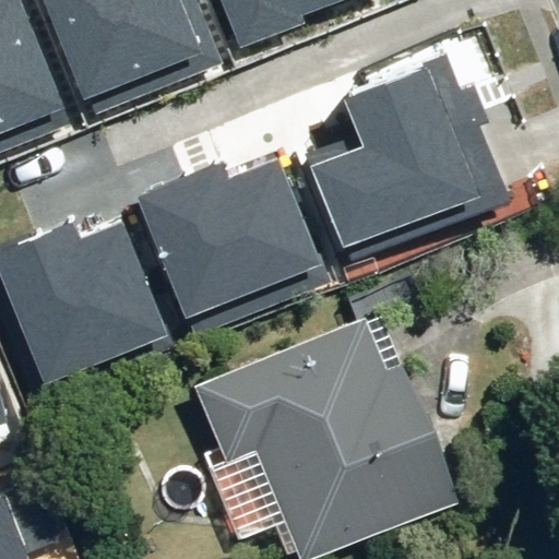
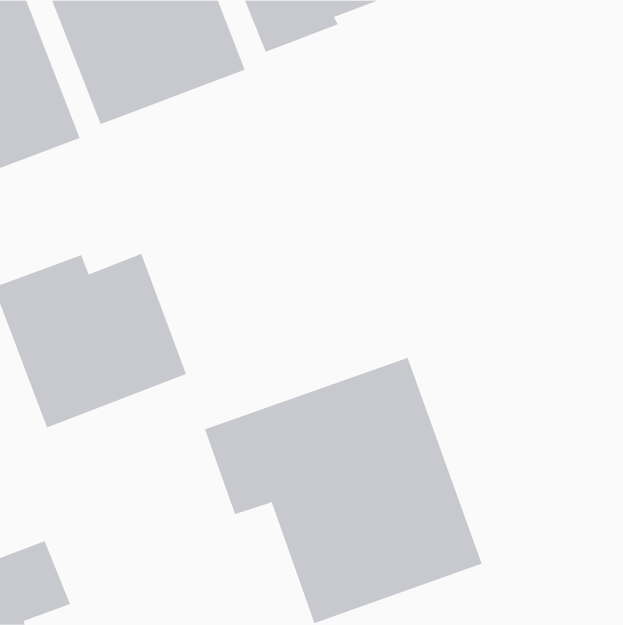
building: [314,59,508,258] -> none
building: [138,159,330,336] -> none

